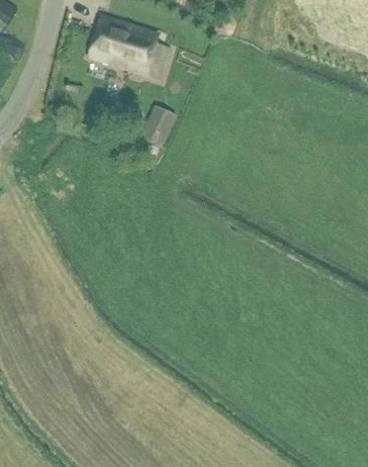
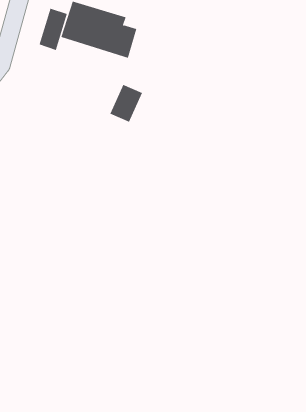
building: none -> [39,8,68,51]

